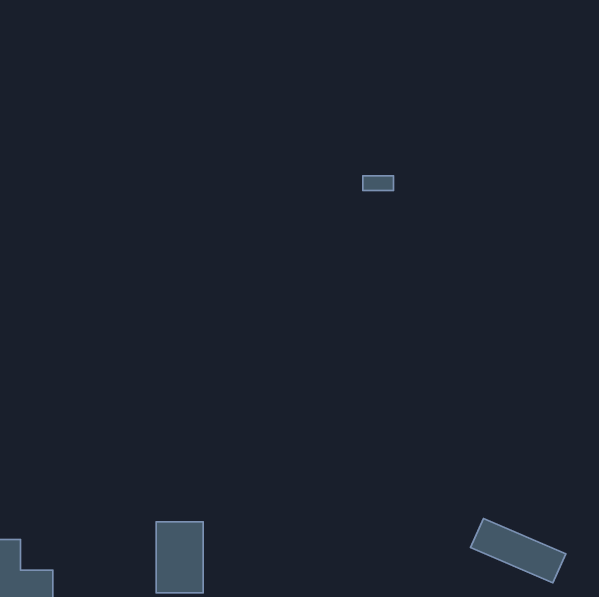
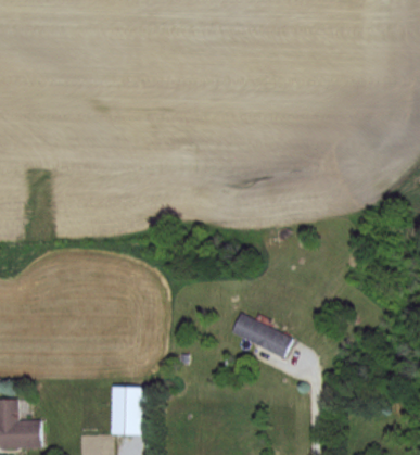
building: [471,518,566,583] -> [231,314,295,357]

